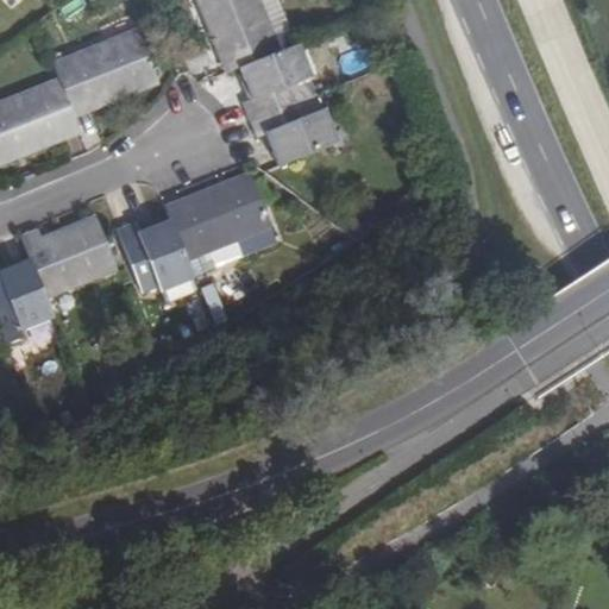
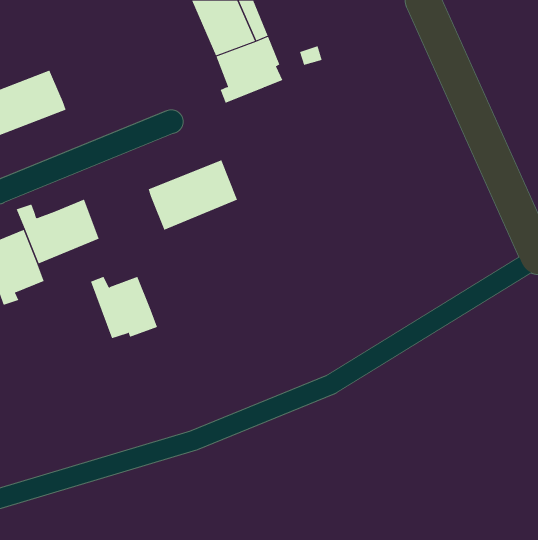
building: [50,29,152,108] -> none
building: [253,99,343,163] -> none
building: [115,221,192,291] -> [90,276,158,339]

